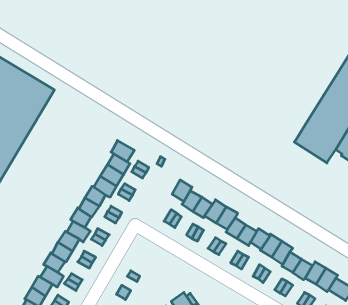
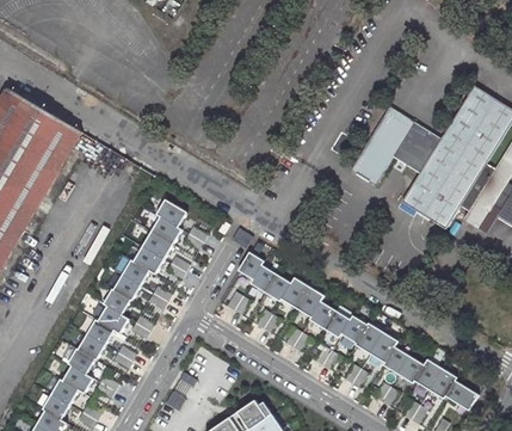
building: none -> [348,106,439,184]

